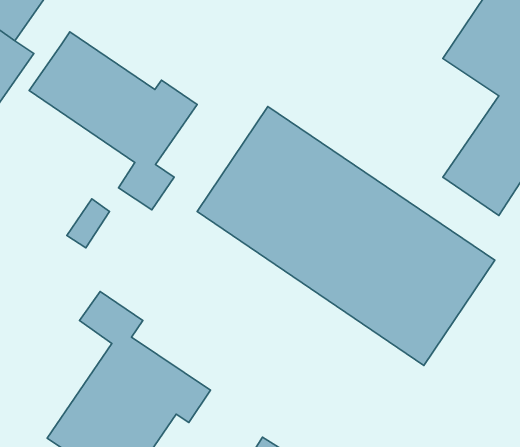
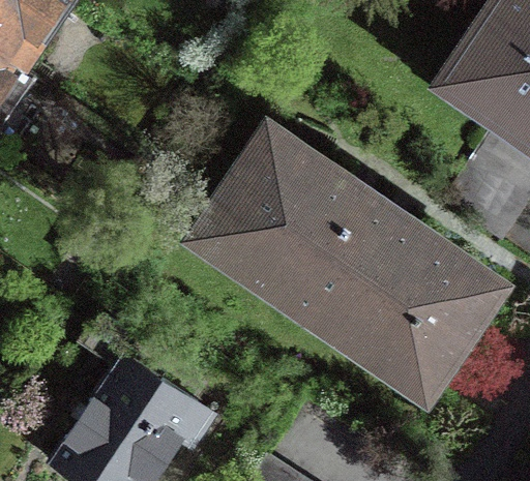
building: [29,32,197,210] -> none

